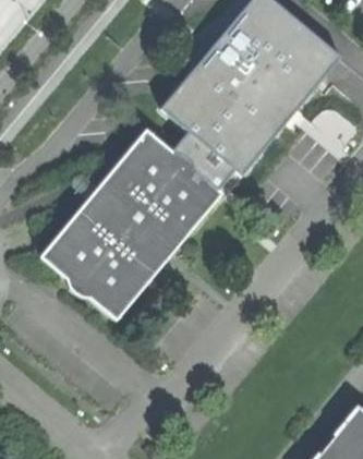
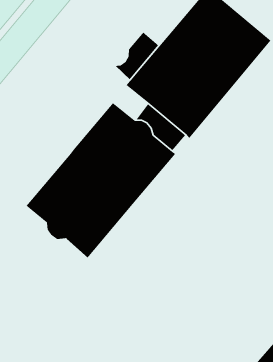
building: none -> [114,32,159,80]

